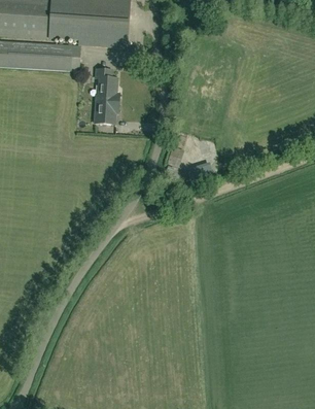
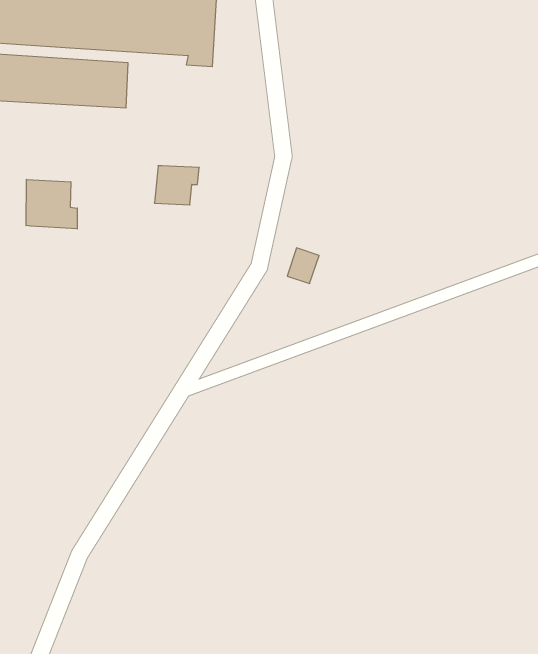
building: [96,68,119,103] -> none
building: none -> [26,179,77,229]

